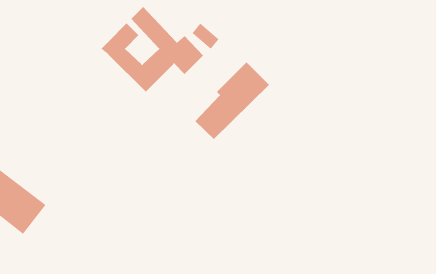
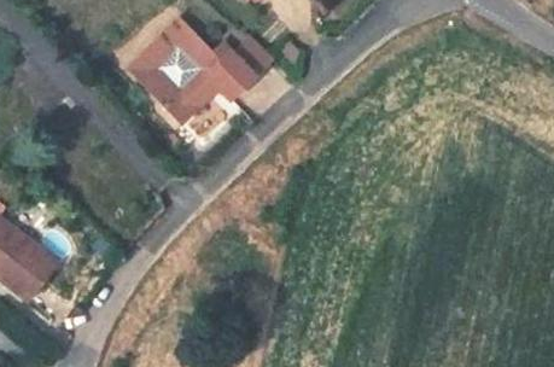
building: [194,61,270,140] -> none

